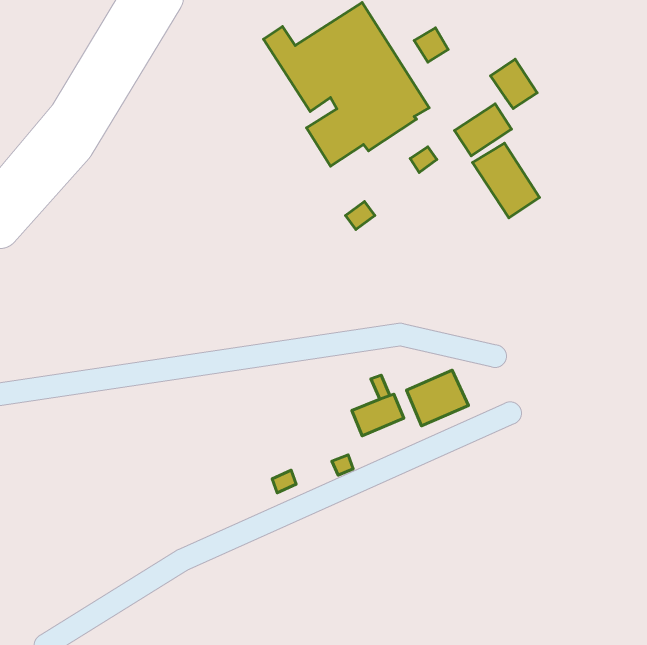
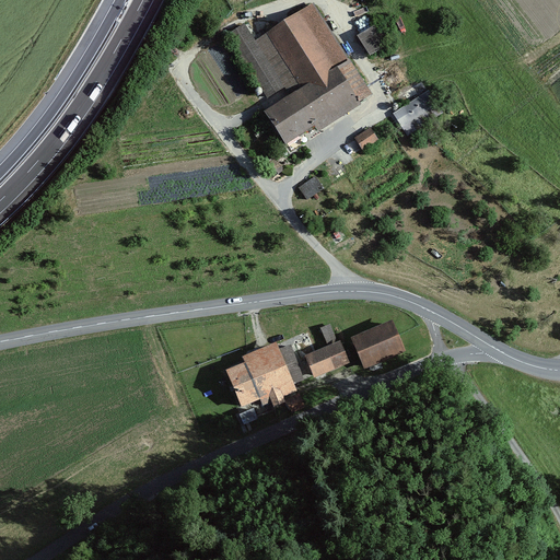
building: [491,59,537,108] -> none
building: [472,143,540,218] -> none
building: none -> [225,343,303,406]

